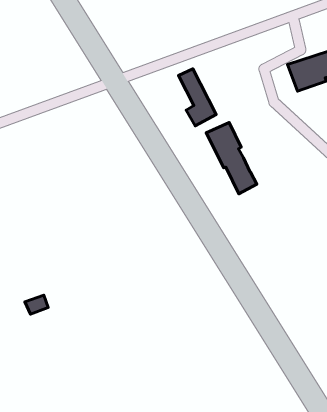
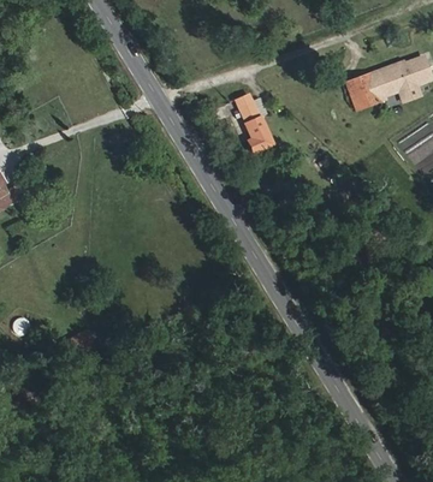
building: [206,123,257,194] -> none

